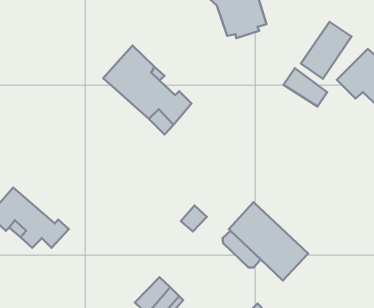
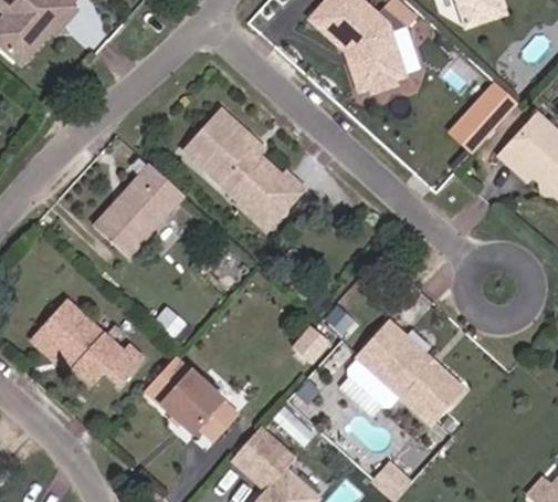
building: [284,68,327,107] -> none
building: none -> [95,165,185,259]
building: none -> [144,351,236,432]

